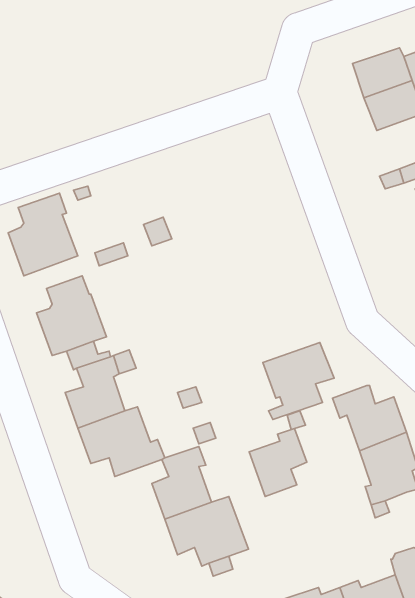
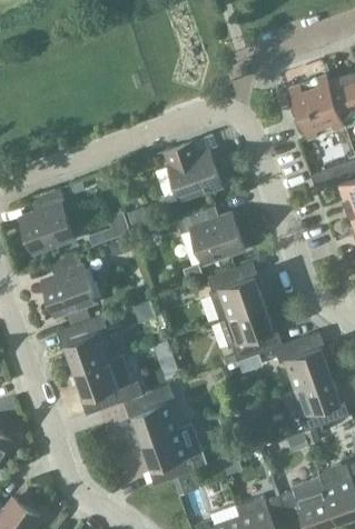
building: none -> [164,142,221,200]
building: none -> [176,204,245,263]
building: none -> [207,268,264,321]
building: [249,429,307,497] -> none

